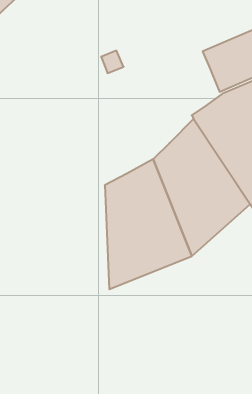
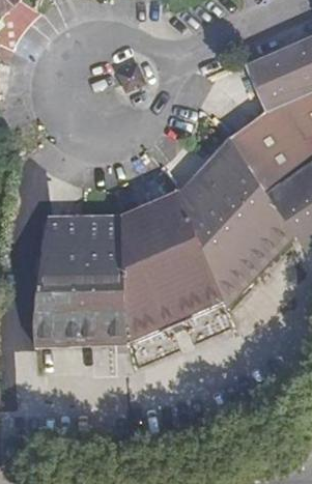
building: none -> [36,218,127,346]

